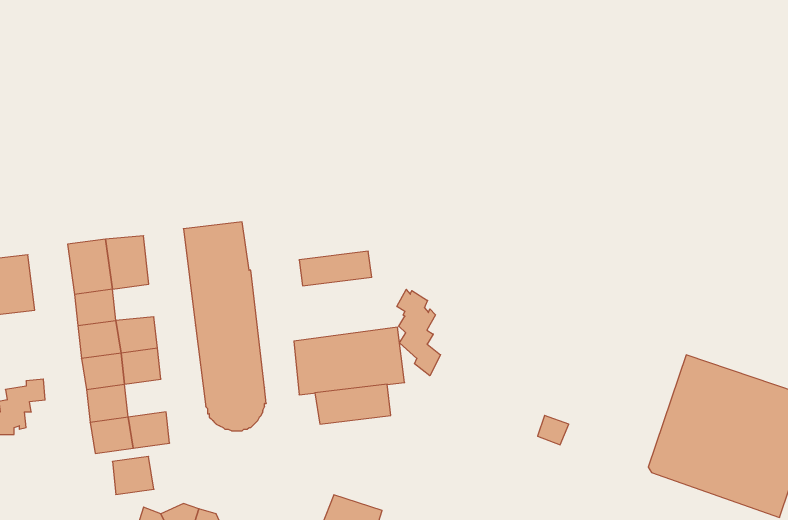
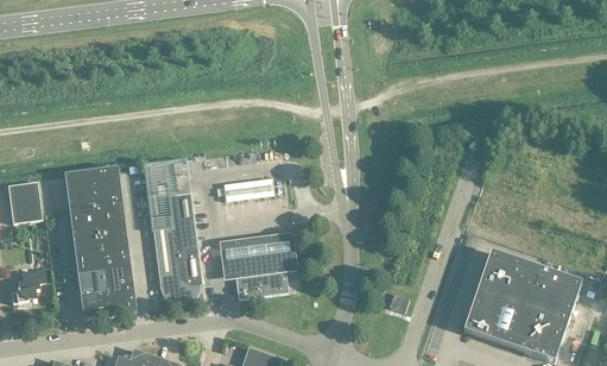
building: none -> [96,202,125,227]
building: [397,289,441,376] -> none
building: [112,456,154,494] -> [105,267,133,294]

